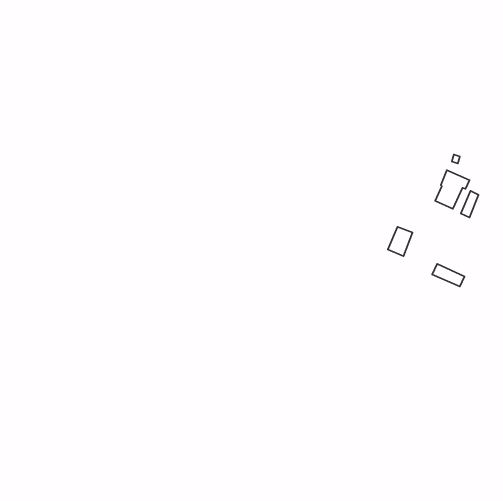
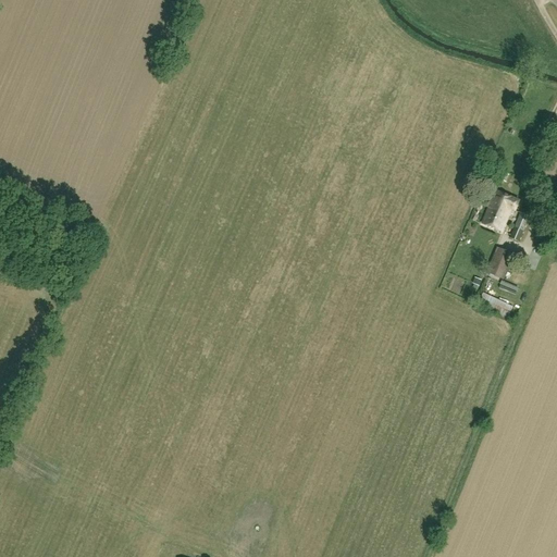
building: [388,227,412,256] -> [486,246,513,278]

